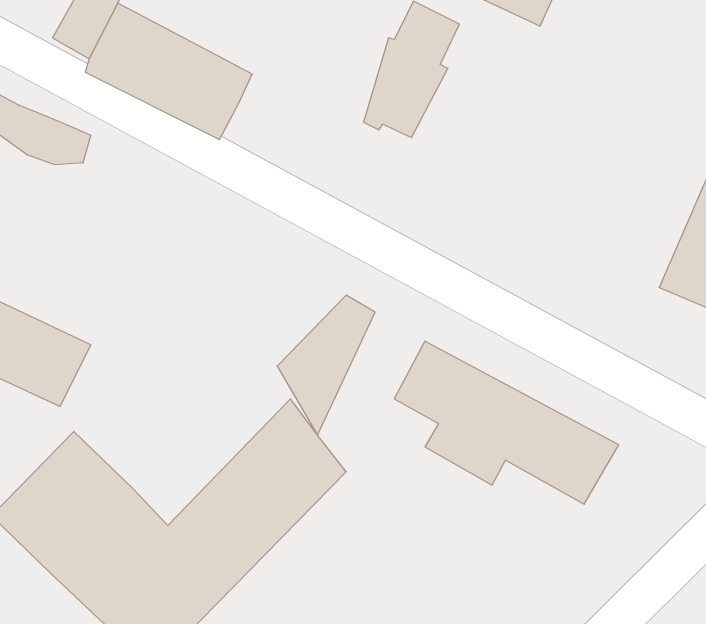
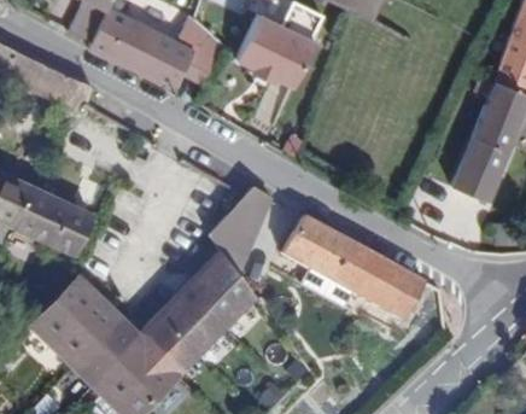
building: none -> [176,13,226,81]
building: none -> [238,14,280,78]

